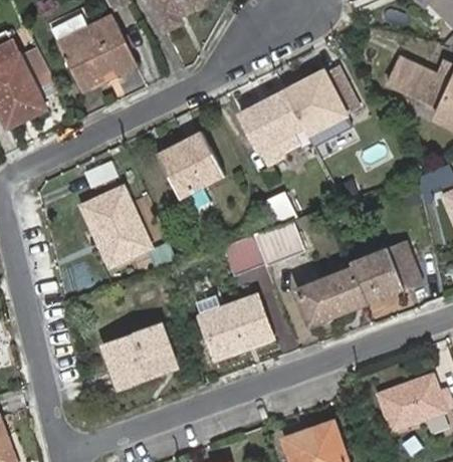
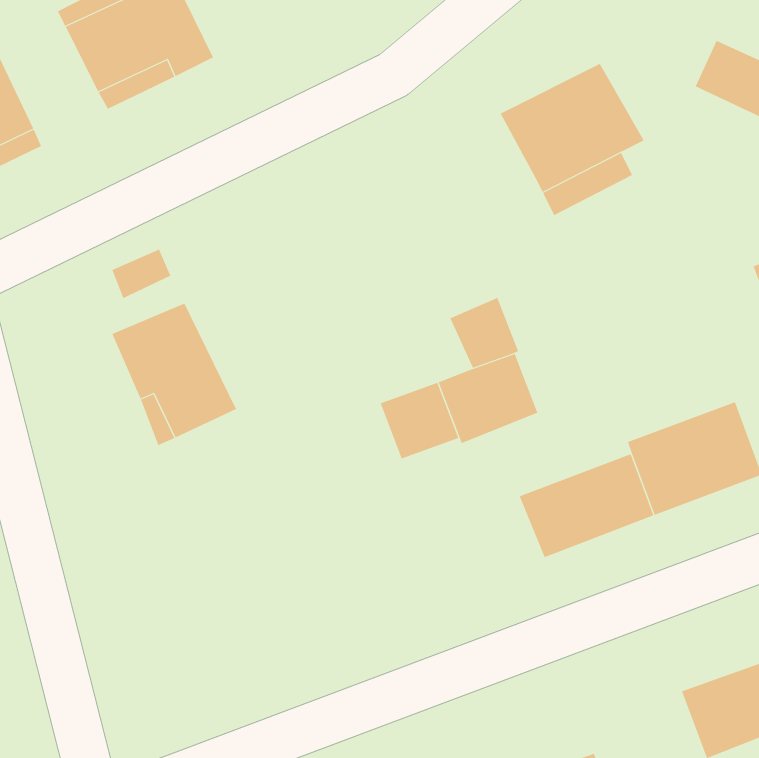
building: [239,92,303,165] -> none
building: [157,134,221,196] -> none
building: [196,294,271,357] -> none
building: [106,327,175,387] -> none

